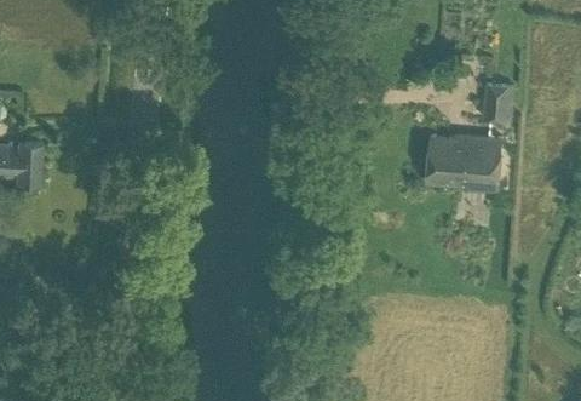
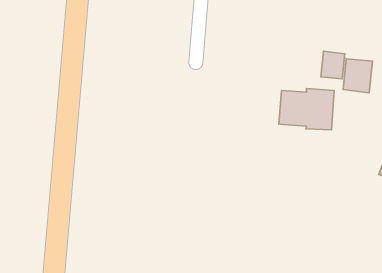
building: none -> [343,59,372,93]

